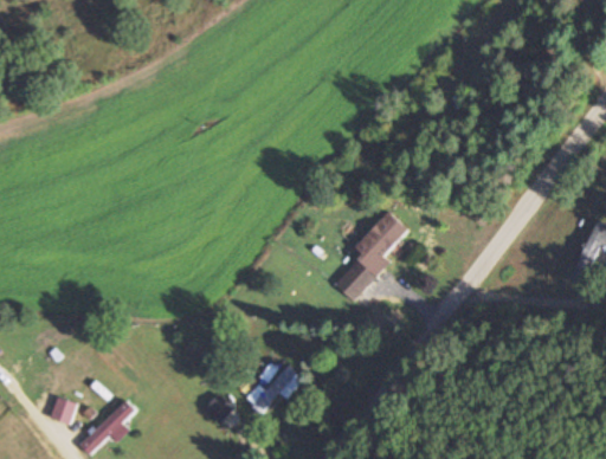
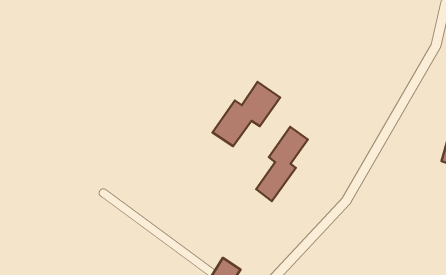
building: none -> [212,82,280,146]

